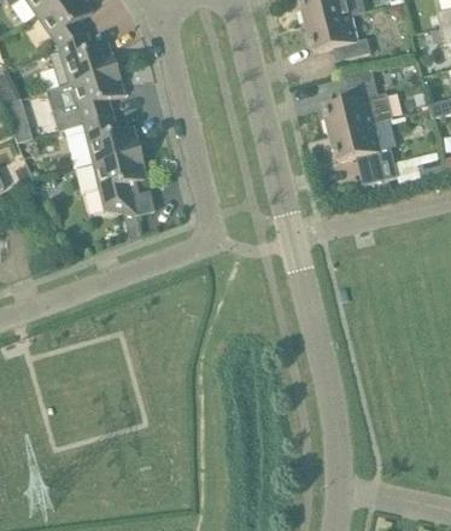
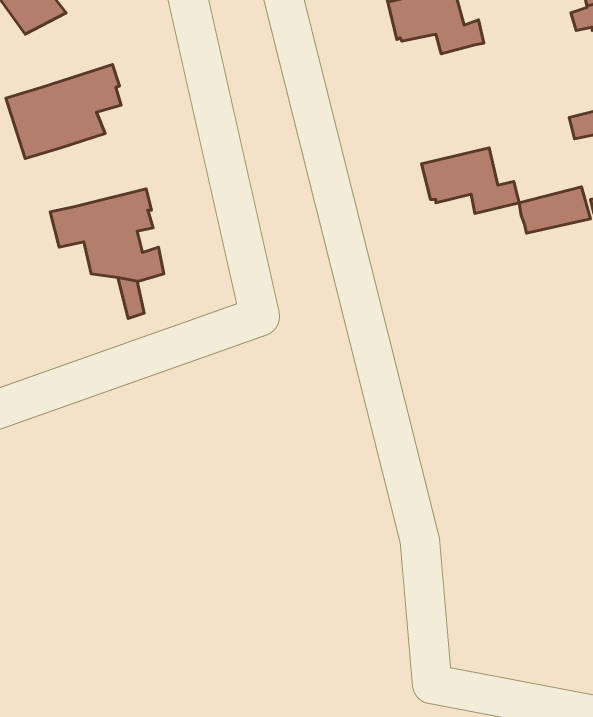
building: [58,31,117,82] -> none
building: [321,80,391,134] -> none
building: [82,113,140,163] -> none

